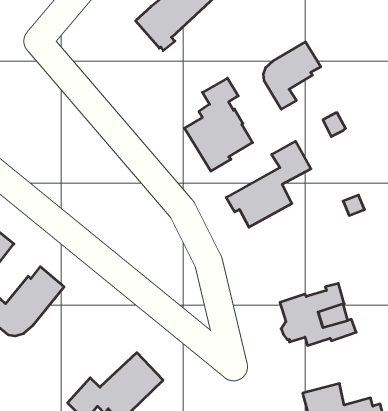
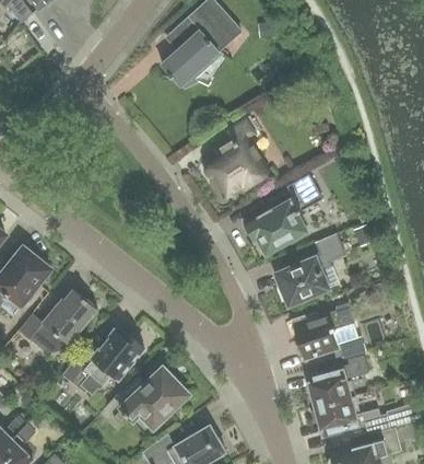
building: [263,42,321,109] -> none
building: none -> [275,233,345,304]
building: none -> [61,329,143,394]
building: none -> [307,356,367,405]

